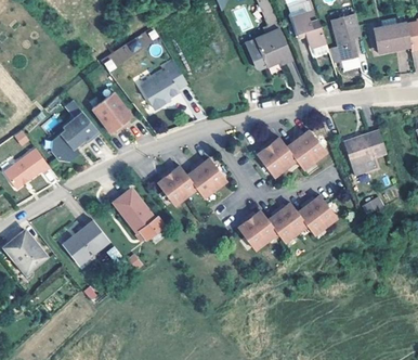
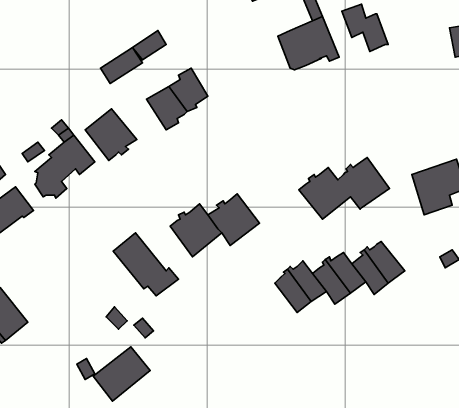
building: [330,13,360,70] -> none
building: [64,221,108,263] -> [93,347,150,401]

